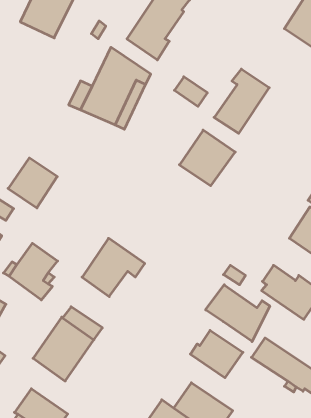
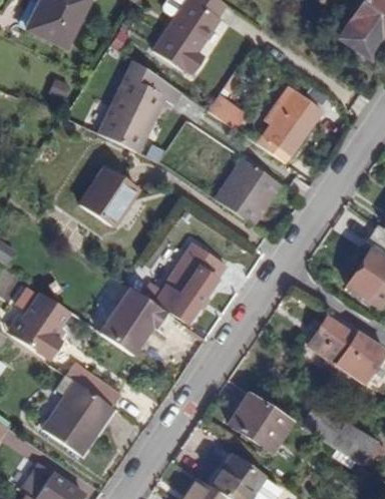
building: [8,158,57,208] -> [81,166,139,225]
building: none -> [146,240,225,319]
building: [206,285,270,342] -> none

